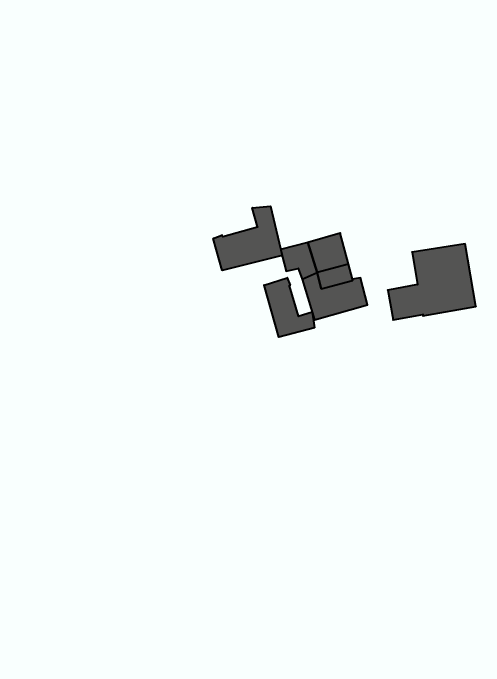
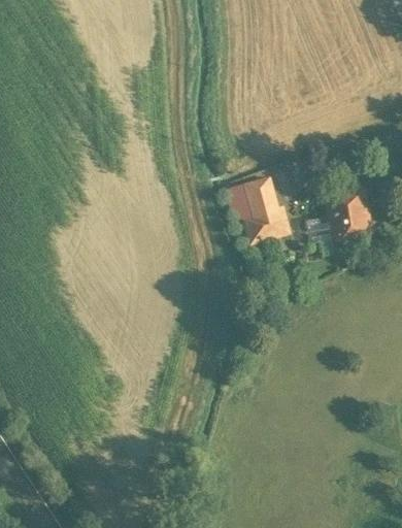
building: [213,206,282,270] -> none
building: [264,278,314,337] -> none

